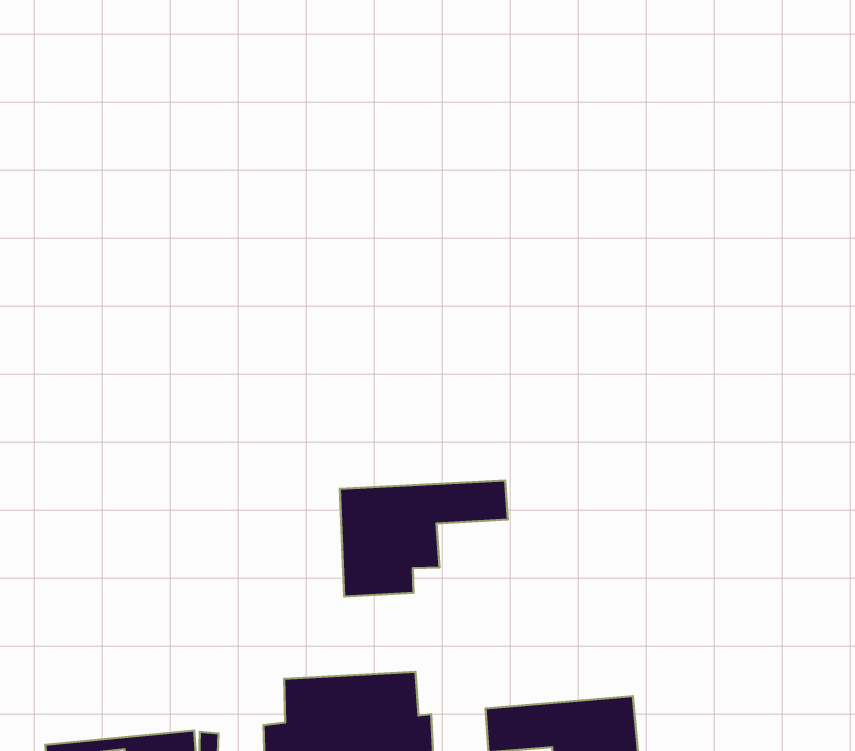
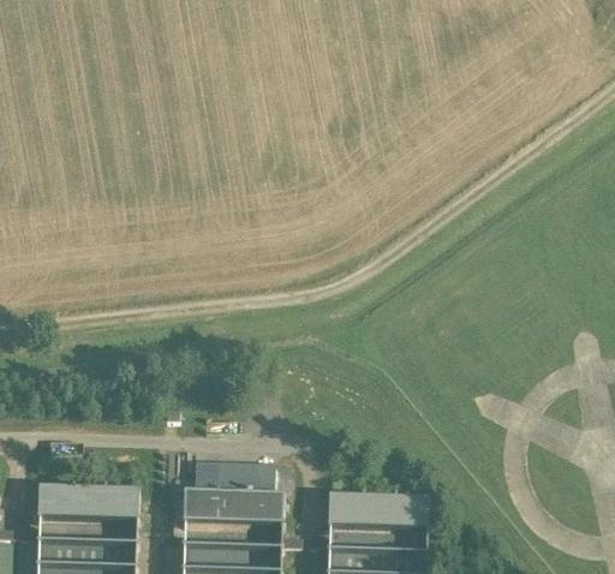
building: [340,480,508,597] -> none

